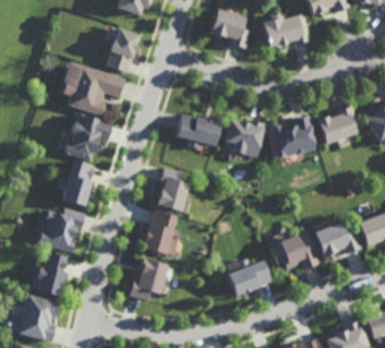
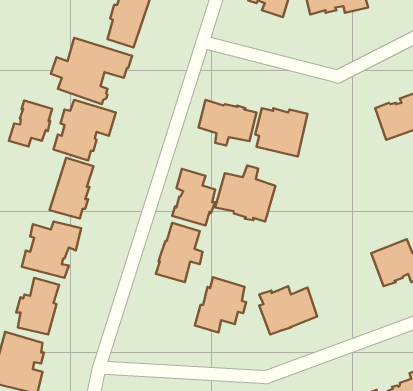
building: none -> [9,100,52,147]
building: [268,115,315,157] -> none
building: none -> [215,166,275,222]
building: [270,231,321,271] -> none
building: [129,257,169,301] -> [195,277,246,332]

